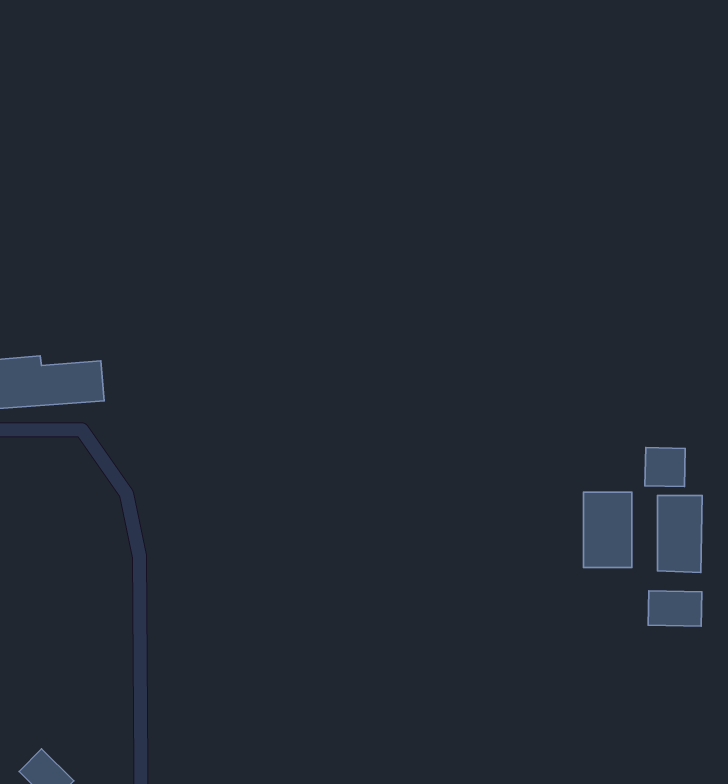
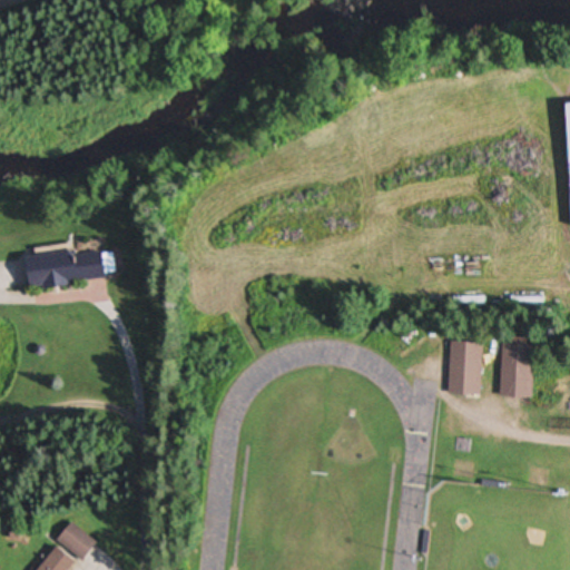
building: [645,448,685,487] -> none
building: [648,591,702,626] -> none

